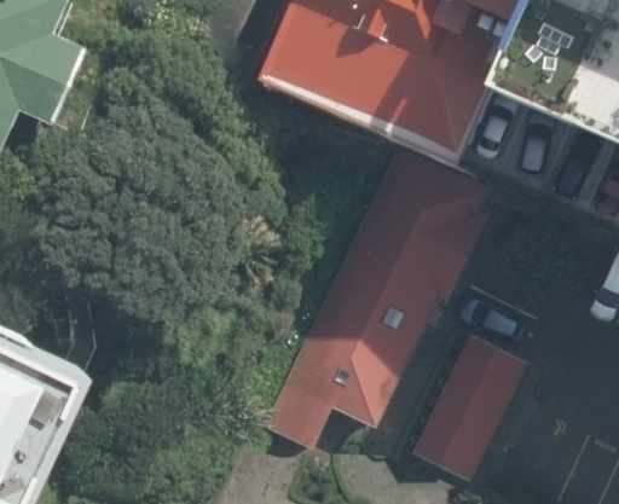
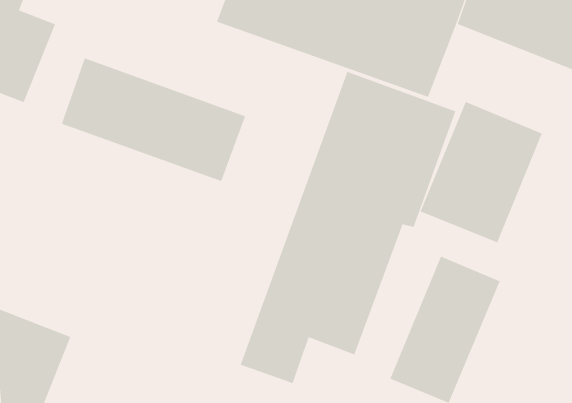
building: none -> [61,57,246,182]
building: none -> [420,101,542,243]

